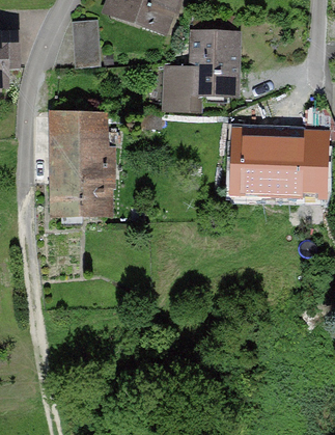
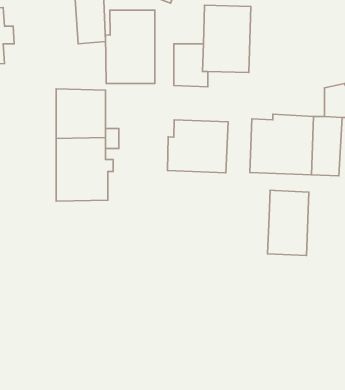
building: none -> [106,10,155,83]
building: none -> [168,120,228,173]
building: none -> [268,190,309,256]

